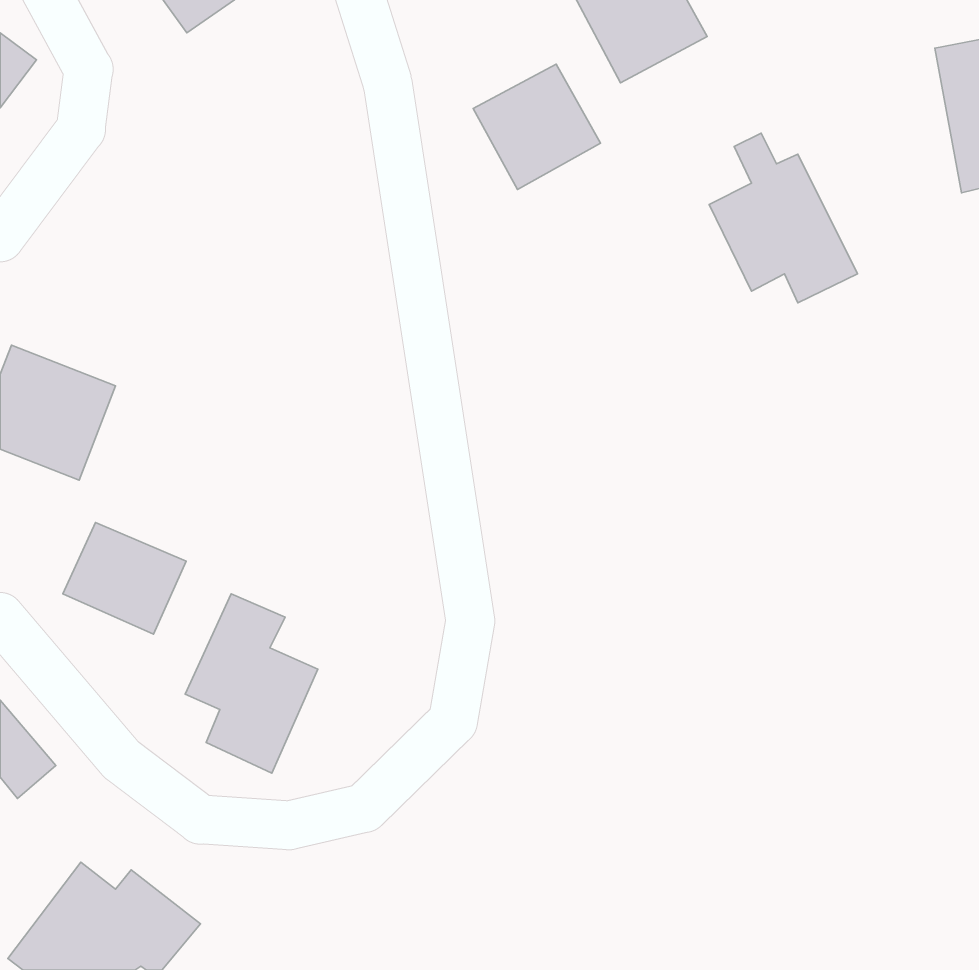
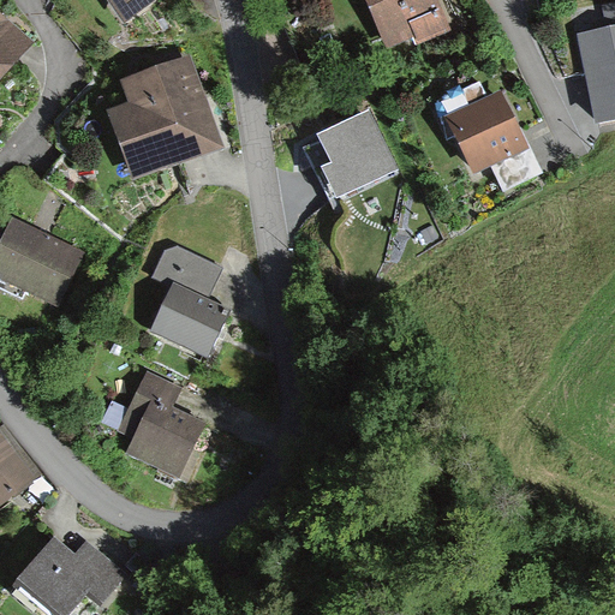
building: [473,64,601,189] -> [311,119,390,197]
building: none -> [114,54,216,172]
building: none -> [150,240,223,301]
building: [63,522,186,634] -> [148,293,225,363]

